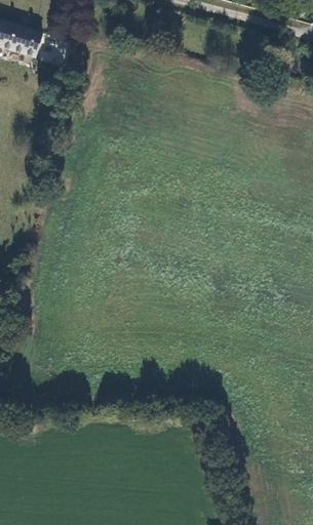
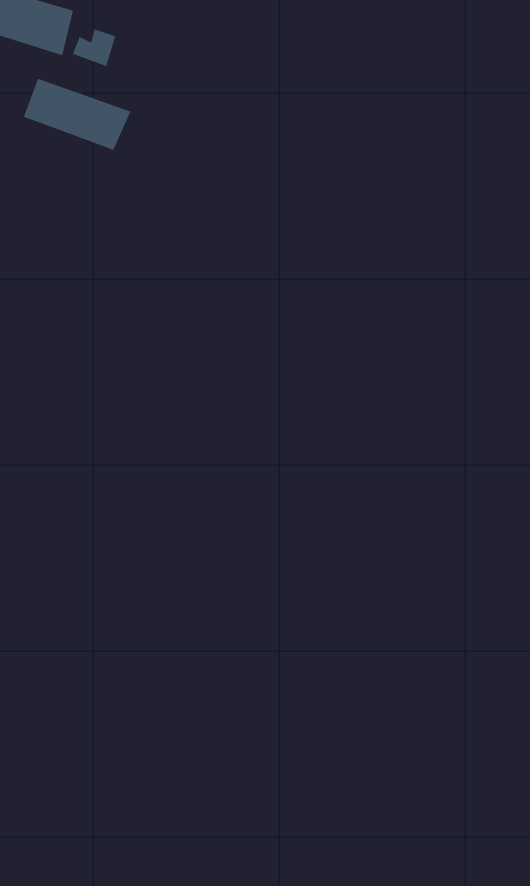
building: none -> [23,78,132,151]

